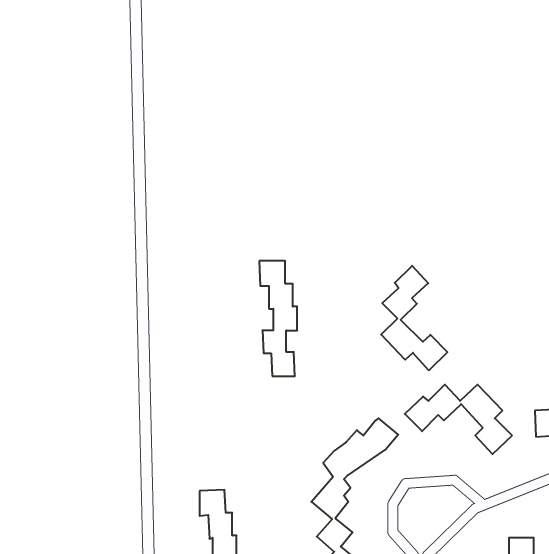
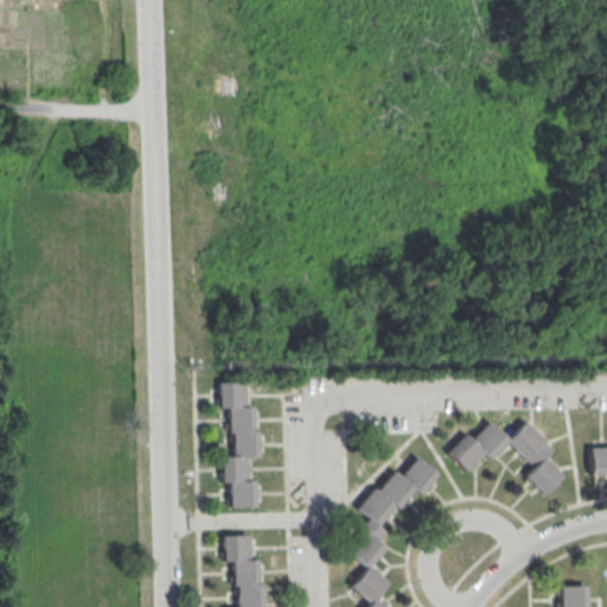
building: [259,261,297,376] -> [219,383,261,509]
building: [381,266,447,370] -> none

